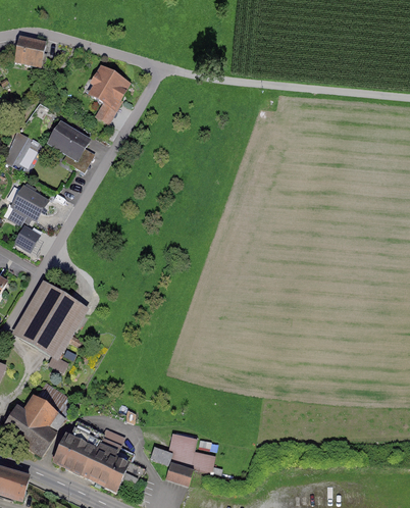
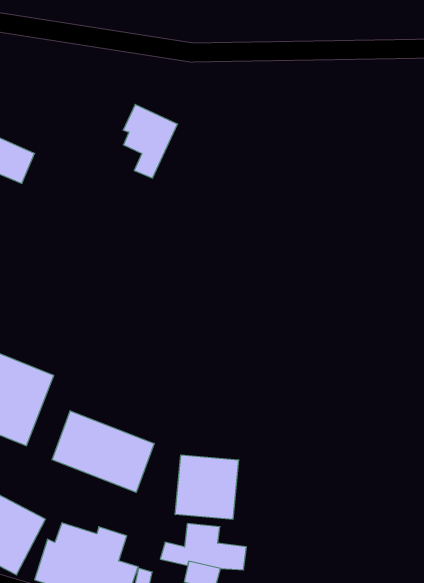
building: [89,63,132,120] -> [123,104,178,178]
building: none -> [52,411,154,492]
building: none -> [175,455,239,519]

